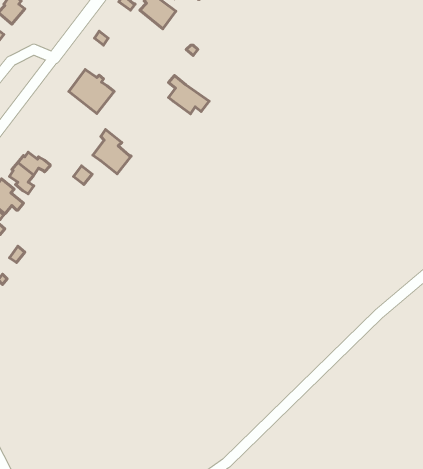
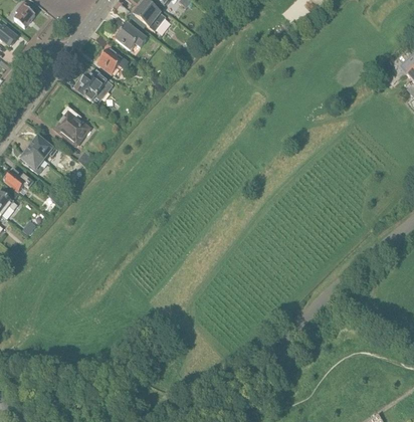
building: none -> [97,47,129,73]
building: [169,75,209,114] -> [112,16,147,49]
building: [93,130,131,174] -> [56,107,89,145]

